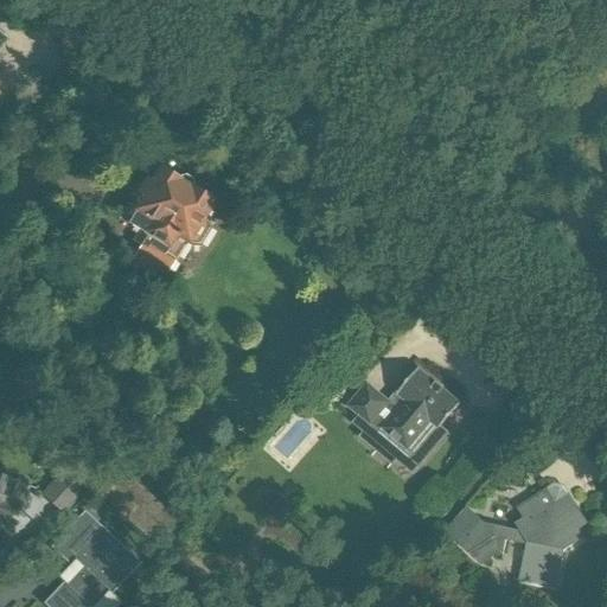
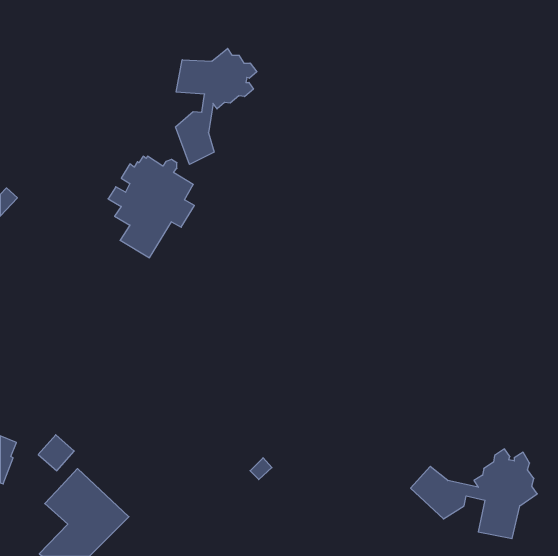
building: none -> [175,48,257,164]
building: [349,368,460,451] -> none

